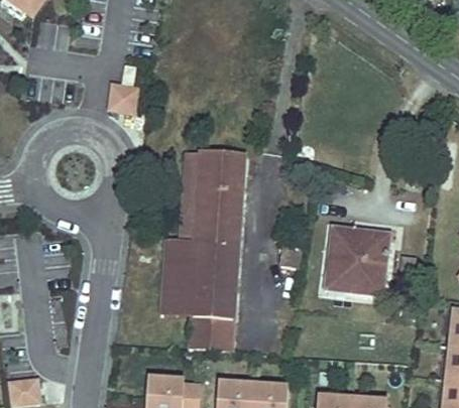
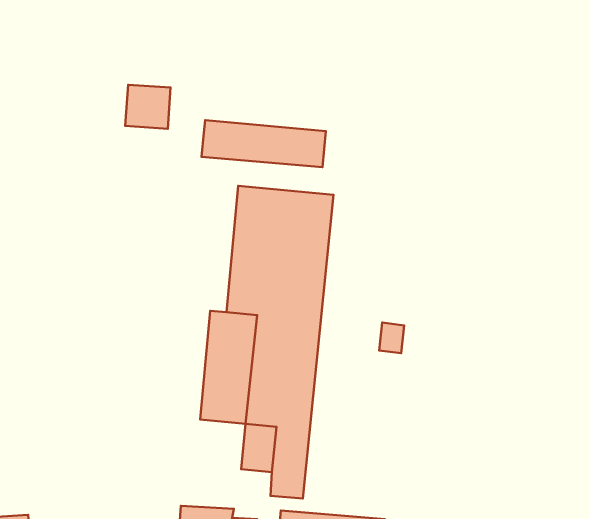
building: none -> [202,120,326,167]
building: [323,227,392,300] -> none

